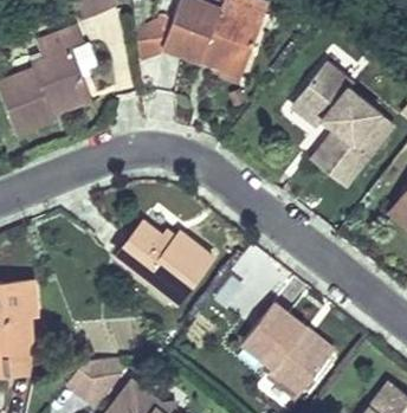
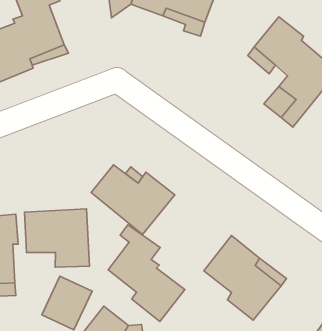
building: none -> [25,209,90,267]
building: none -> [108,225,185,322]

